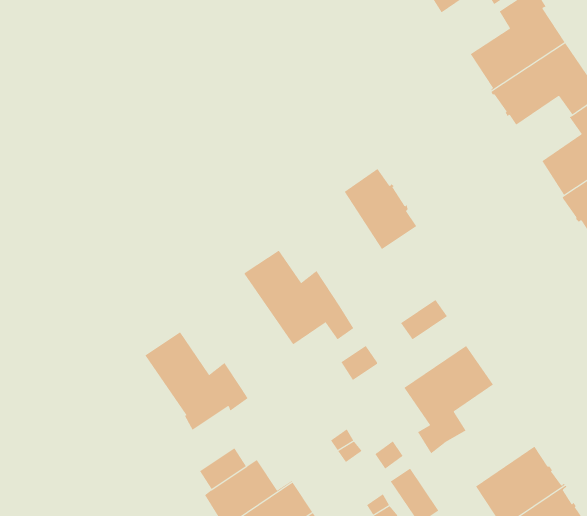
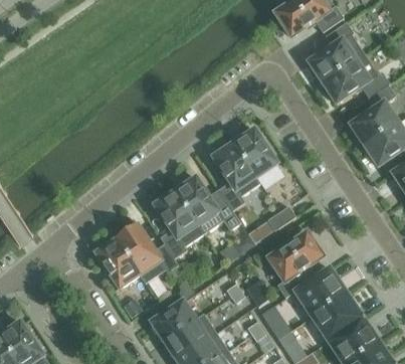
building: none -> [212,140,259,209]
building: none -> [154,188,203,257]
building: none -> [95,237,140,288]
building: none -> [293,266,346,316]

